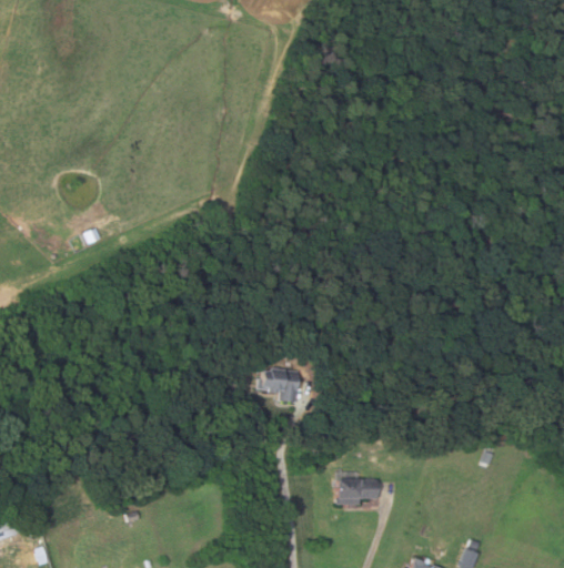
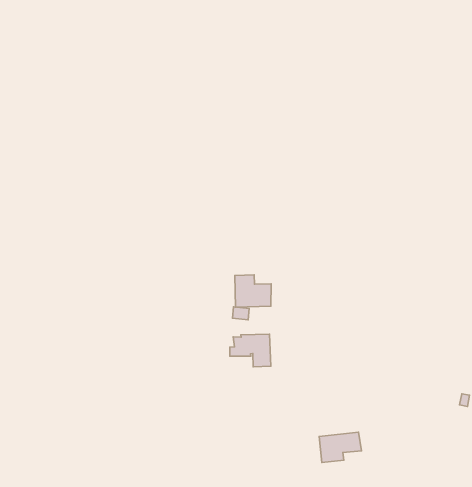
building: none -> [235,275,271,307]

